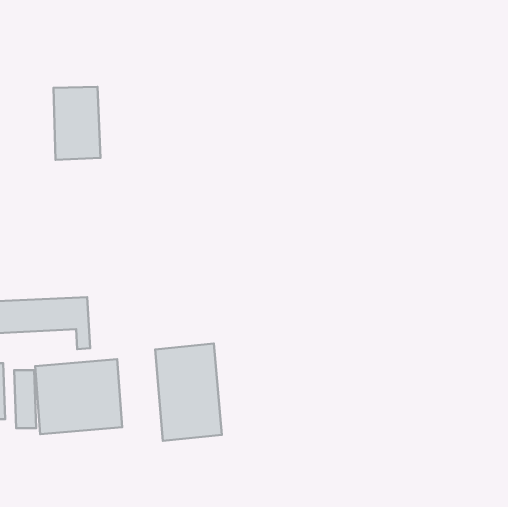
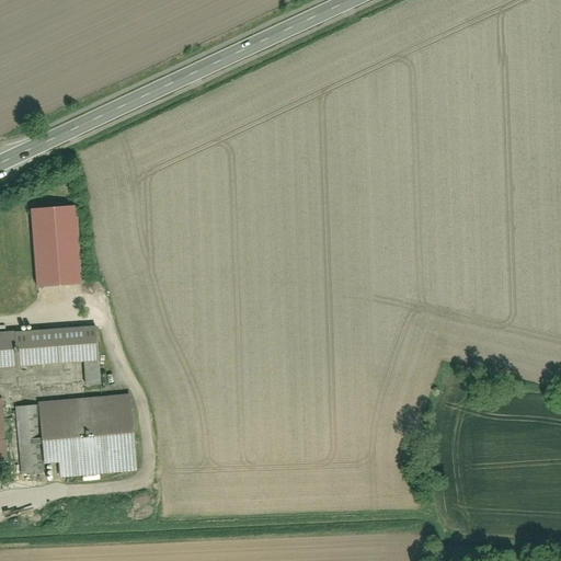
building: [53,87,100,160] -> [31,206,82,286]
building: [155,344,222,441] -> none

